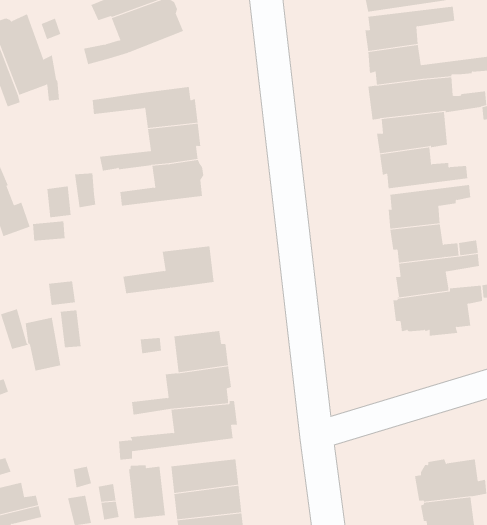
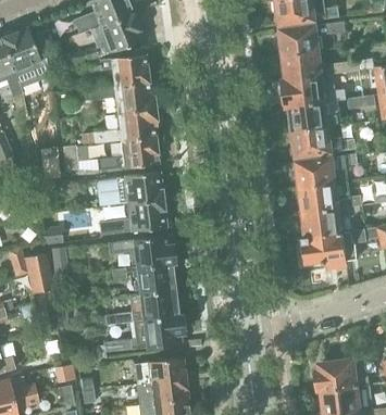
building: none -> [89,54,150,86]
building: none -> [96,172,163,206]
building: none -> [108,236,175,267]
building: [129,465,166,519] -> none

